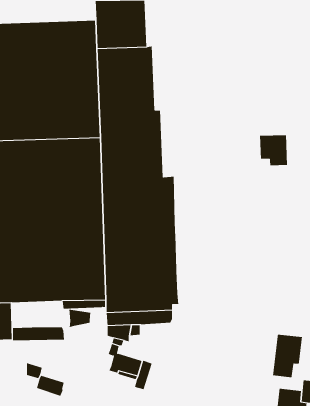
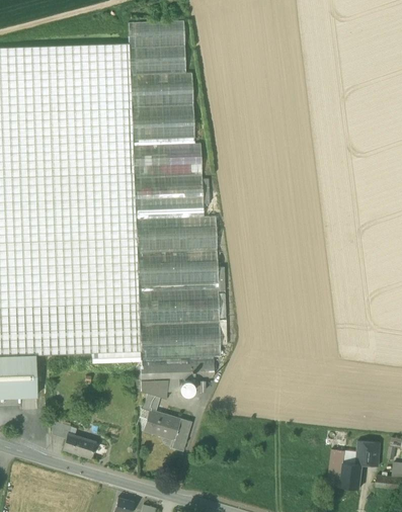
building: [260,134,288,166] -> none
building: [69,309,91,328] -> none
building: [12,326,64,341] -> none
building: [272,334,303,378] -> none

